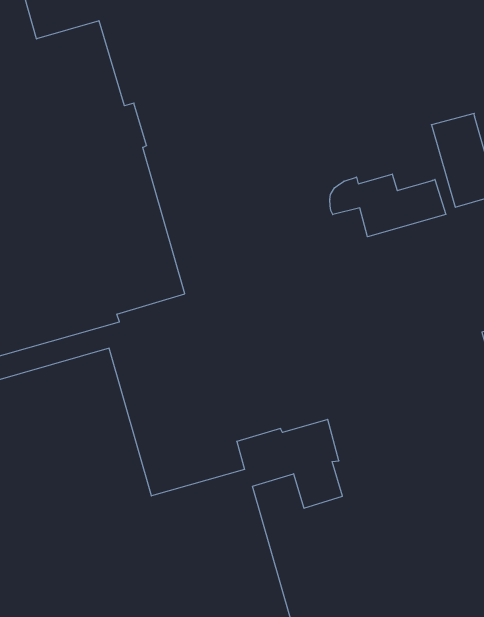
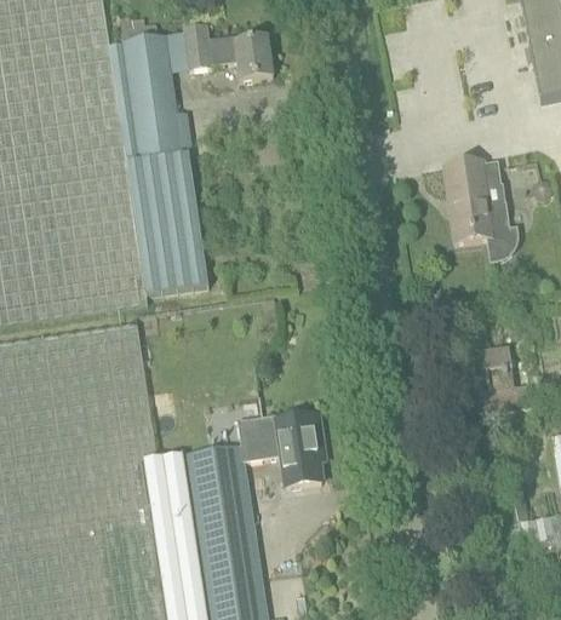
building: none -> [184,27,271,79]
building: [330,174,446,237] -> none

